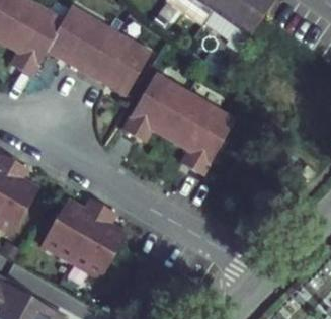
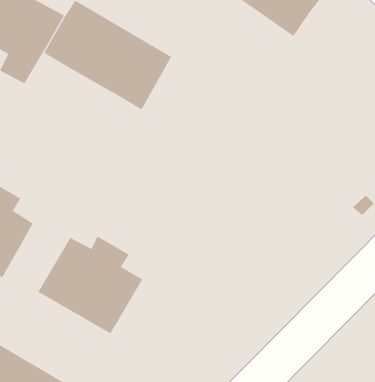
building: [123,72,235,174] -> none

